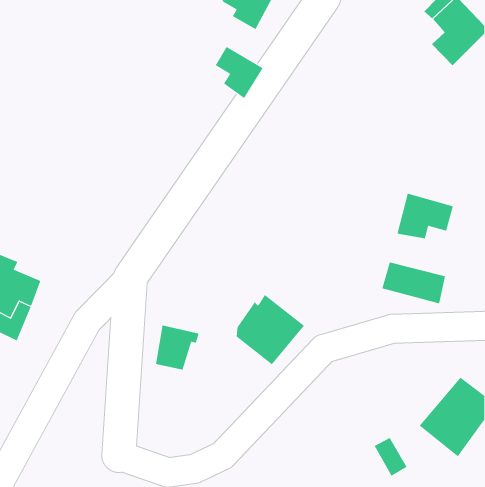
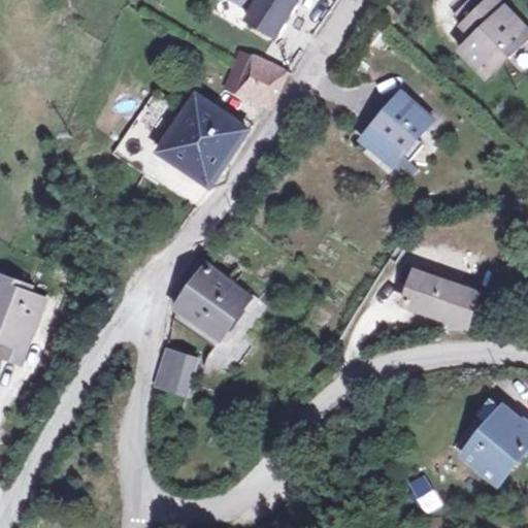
building: none -> [363,92,431,161]
building: none -> [161,97,244,179]
building: [397,193,453,239] -> none
building: [236,294,305,365] -> [182,266,256,342]

